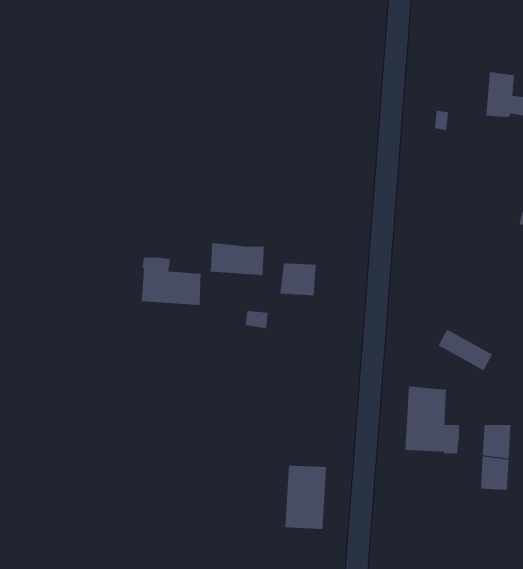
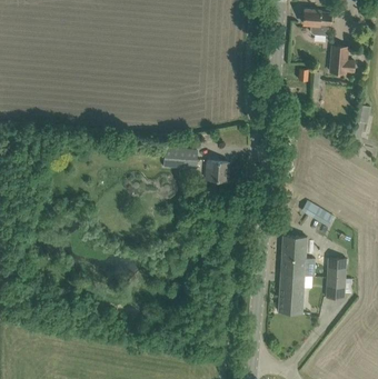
building: none -> [302,10,330,37]
building: [141,257,201,306] -> none
building: [285,465,327,529] -> [278,275,304,313]

